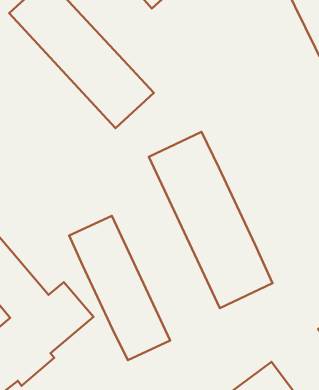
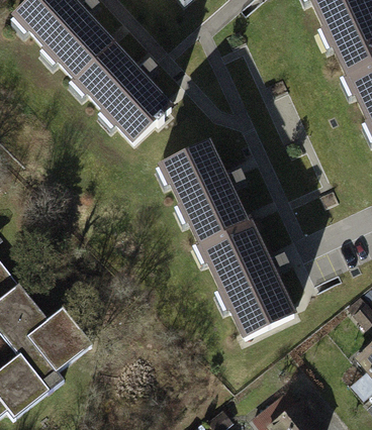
building: [69,216,170,360] -> none

